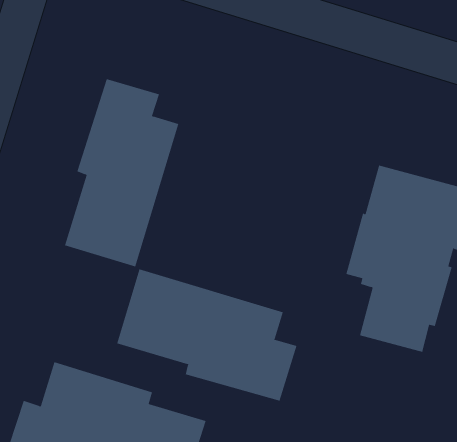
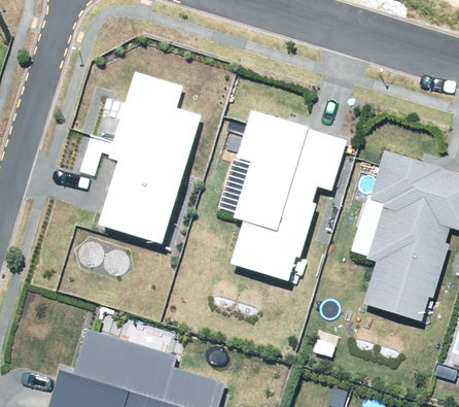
building: none -> [230,111,346,280]
building: [116,268,297,402] -> none

